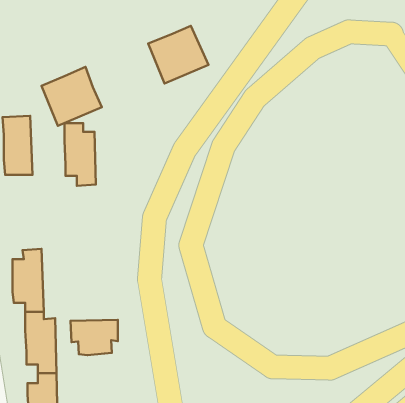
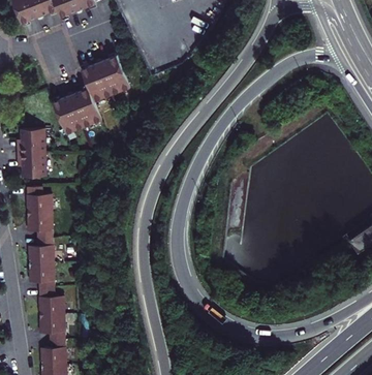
building: [148,26,208,84] -> [82,57,131,104]
building: [64,123,96,186] -> [27,187,53,239]
building: [71,320,118,355] -> none

